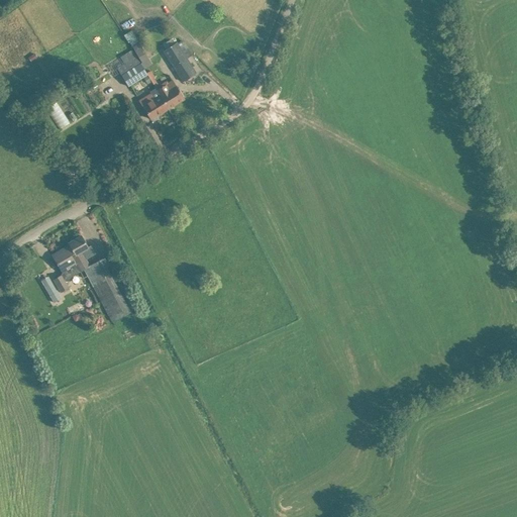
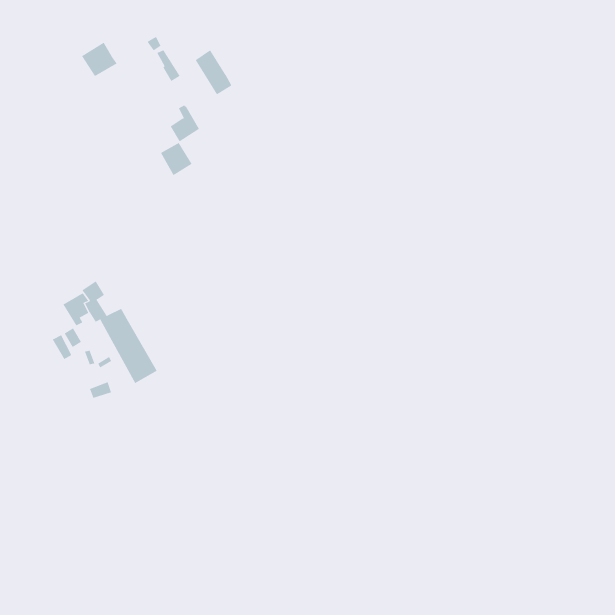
building: [117,57,147,86] -> [81,42,117,77]
building: [157,80,184,108] -> [160,142,193,176]

